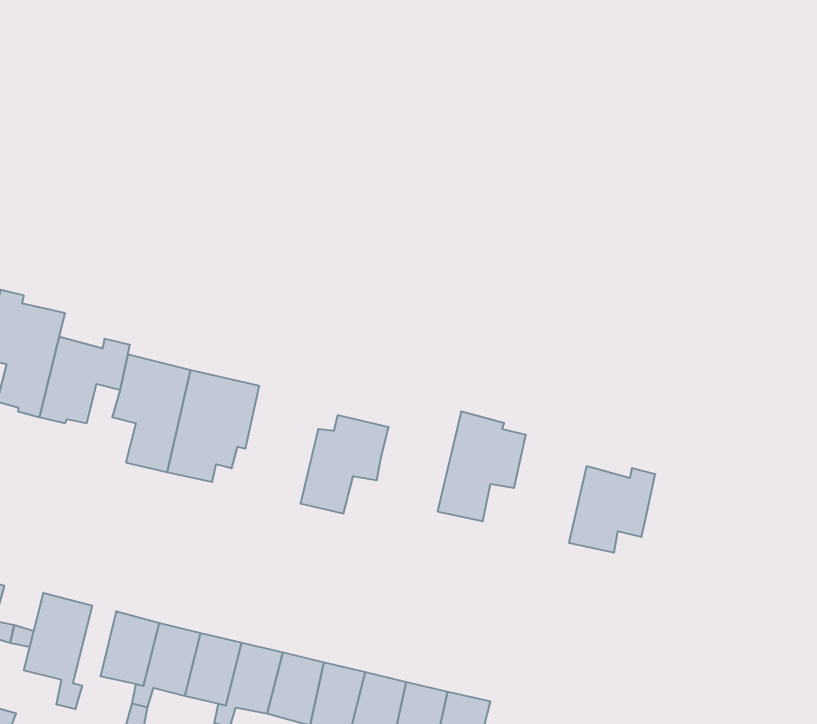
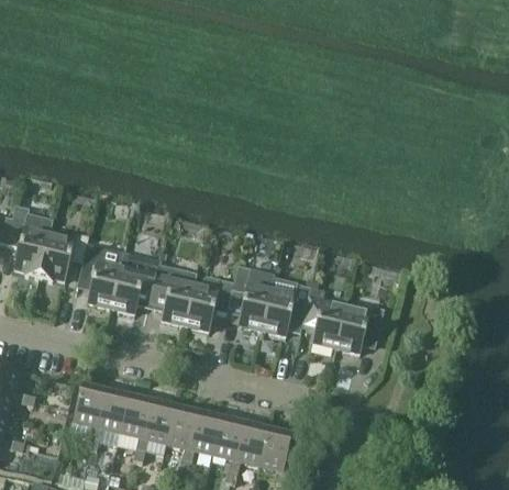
building: none -> [153,265,193,325]
building: none -> [229,266,274,330]
building: none -> [303,287,344,347]
building: [24,593,92,709] -> none

